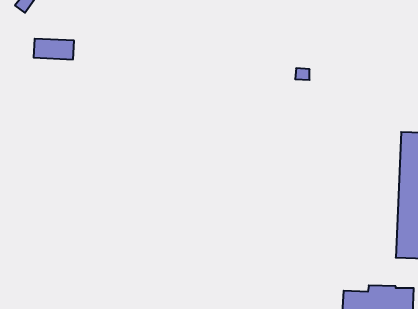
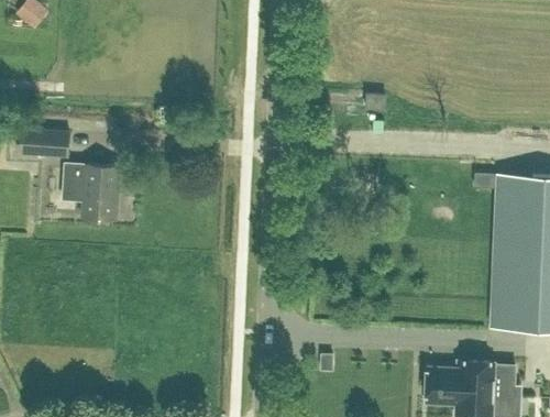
building: [34,39,74,59] -> [23,129,73,154]
building: none -> [61,163,119,218]

